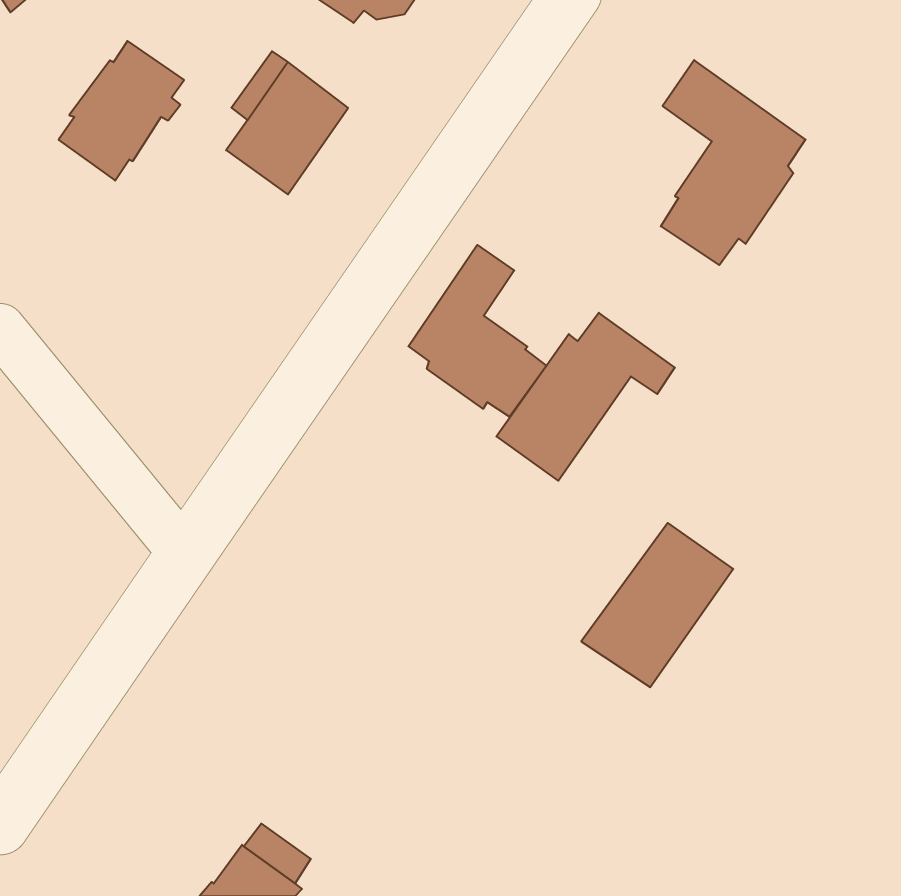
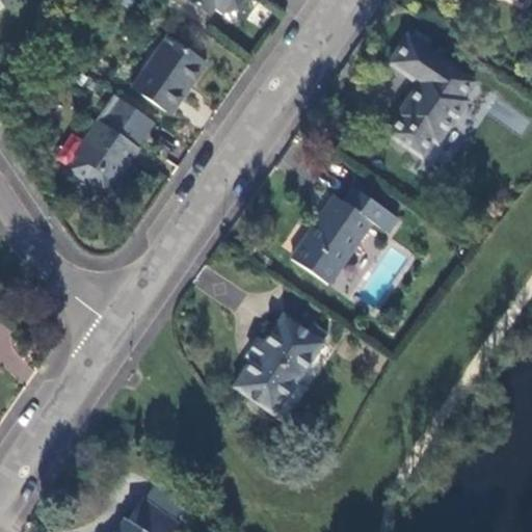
building: [59,41,184,181] -> [72,112,145,194]
building: [408,245,546,417] -> none
building: [581,523,733,687] -> [234,315,323,411]

